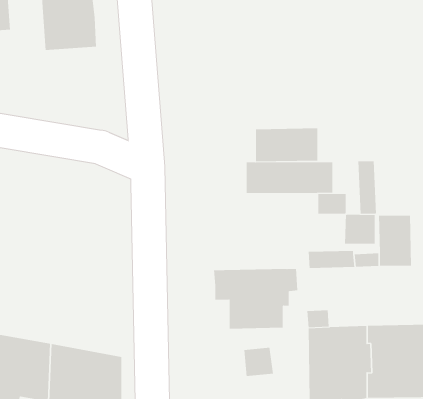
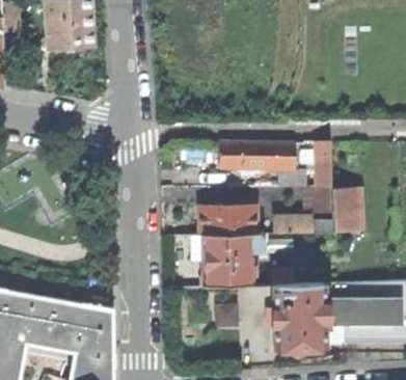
building: [255,128,318,162] -> [200,206,254,235]

